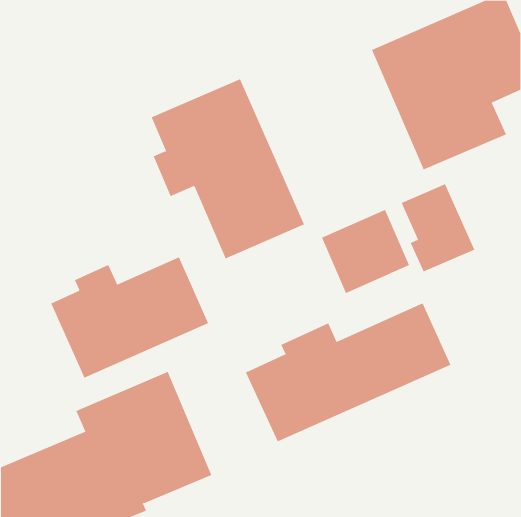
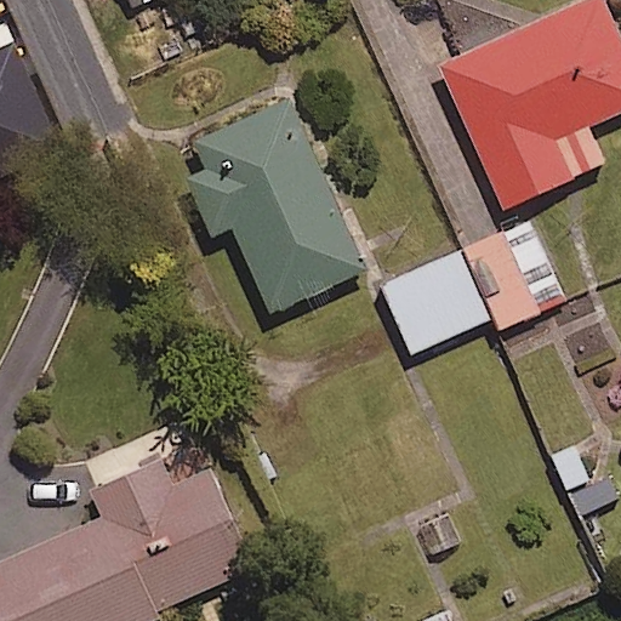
building: [50,257,209,378] -> none
building: [245,303,451,442] -> none

